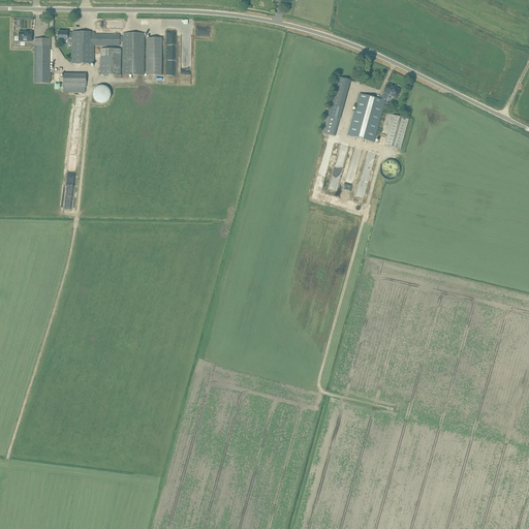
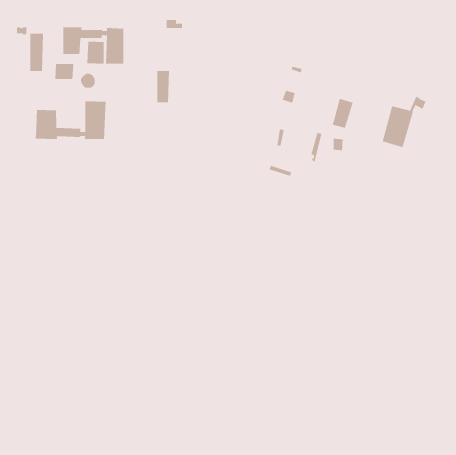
building: [147,37,162,74] -> [156,71,170,103]
building: [348,82,400,142] -> [382,96,426,148]
building: none -> [35,100,106,140]

